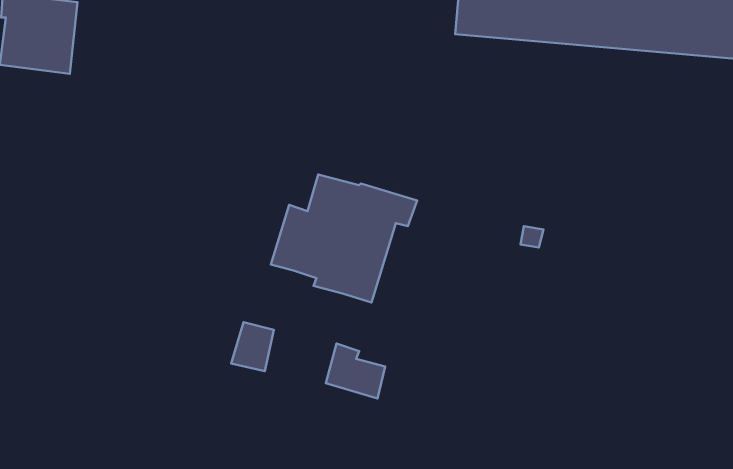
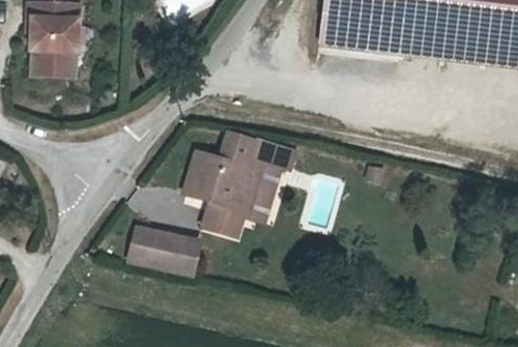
building: none -> [131,227,179,266]
building: [326,344,385,399] -> [206,203,247,240]

